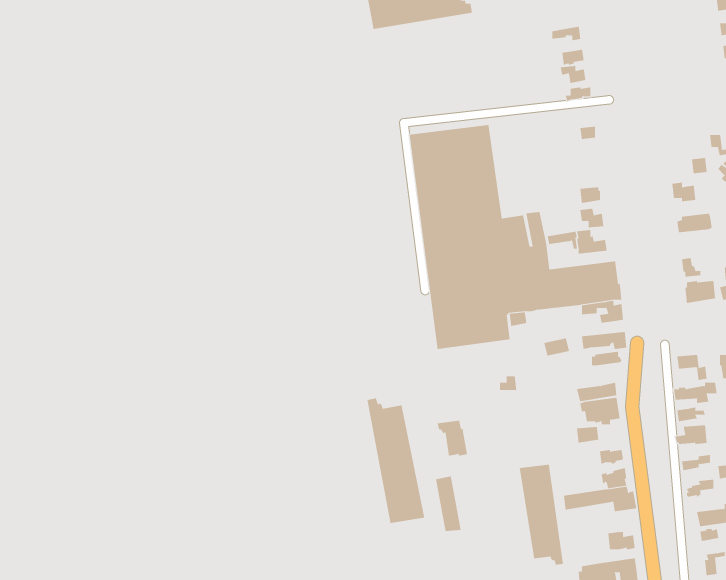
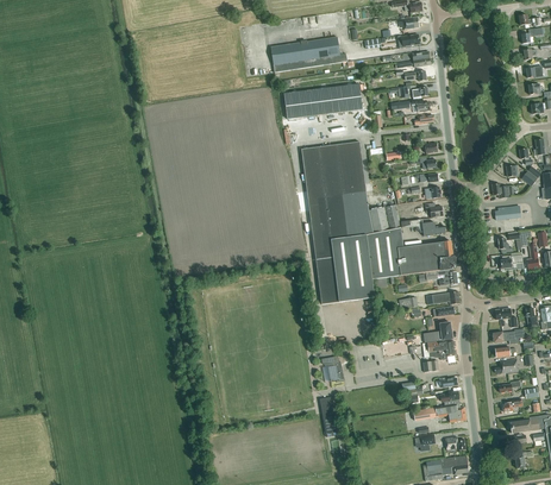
building: none -> [284,83,362,119]
building: [367,398,425,524] -> none
building: [519,464,564,566] -> none

